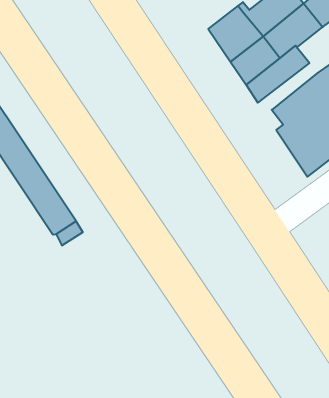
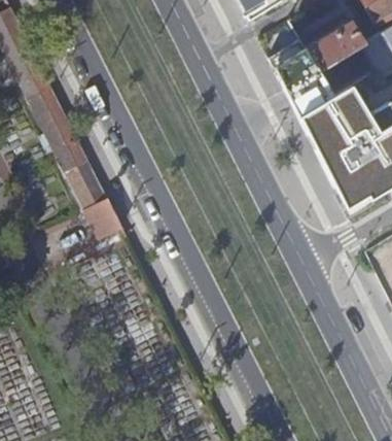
building: none -> [311,103,370,163]

